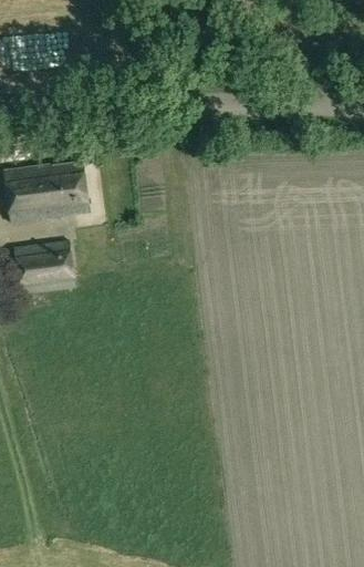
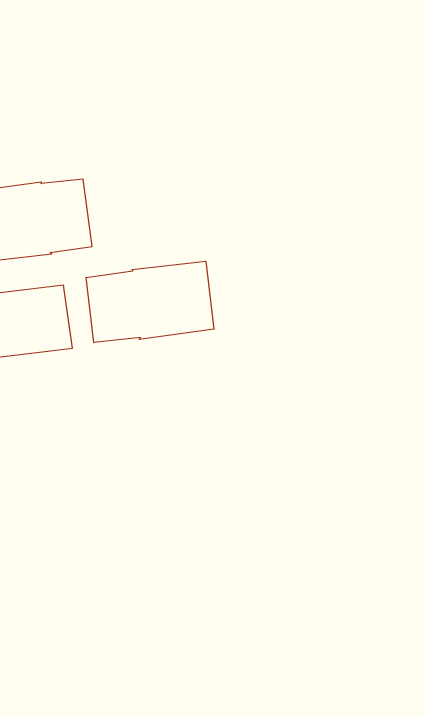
building: none -> [86,261,214,343]

